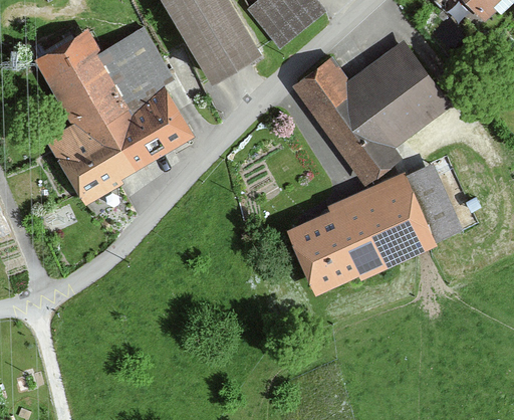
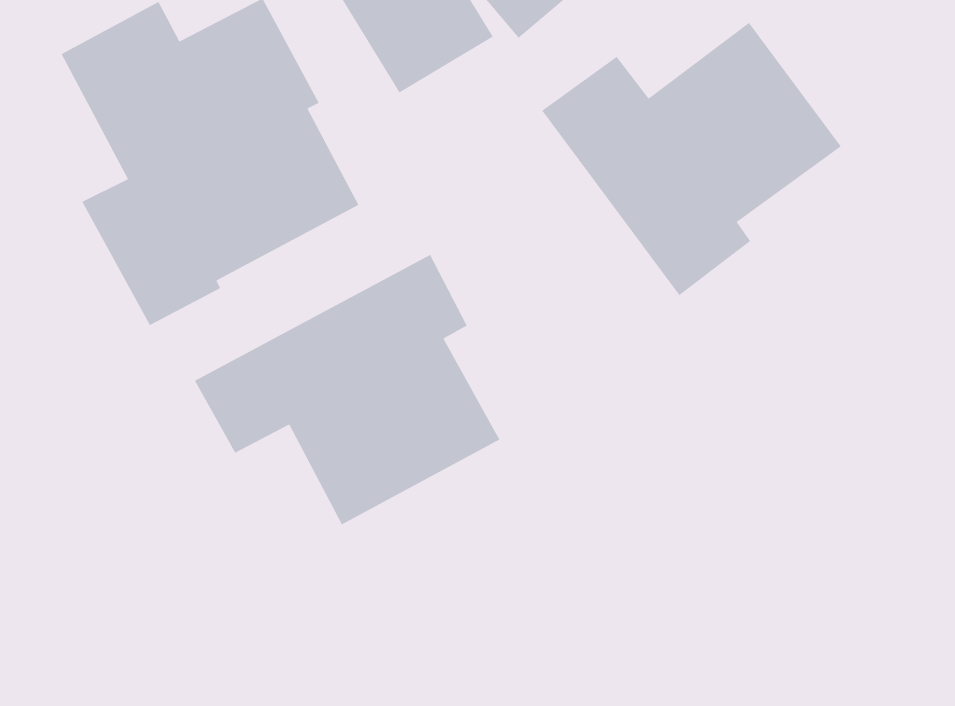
building: none -> [194,254,500,525]
building: [286,166,461,292] -> none

